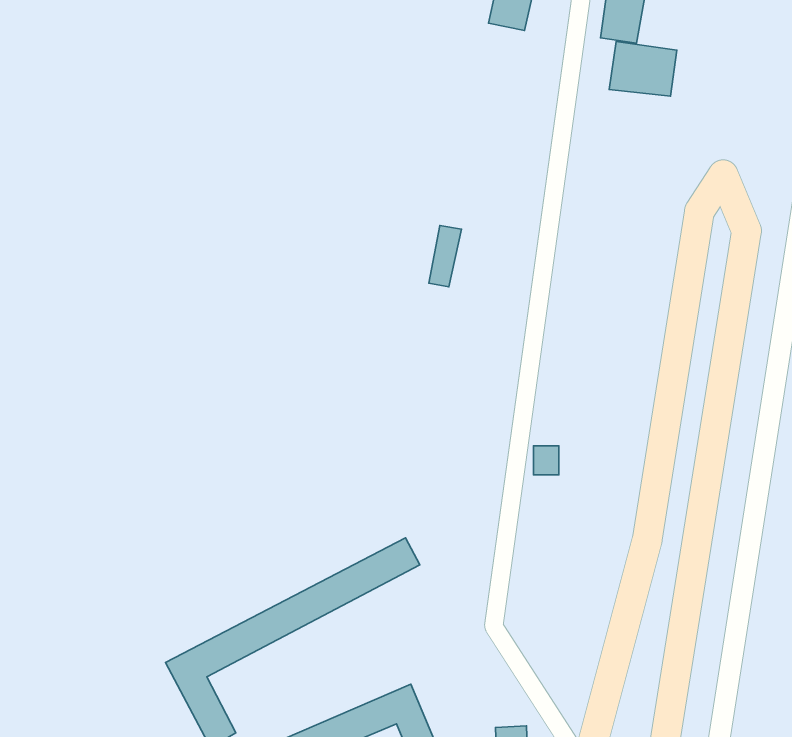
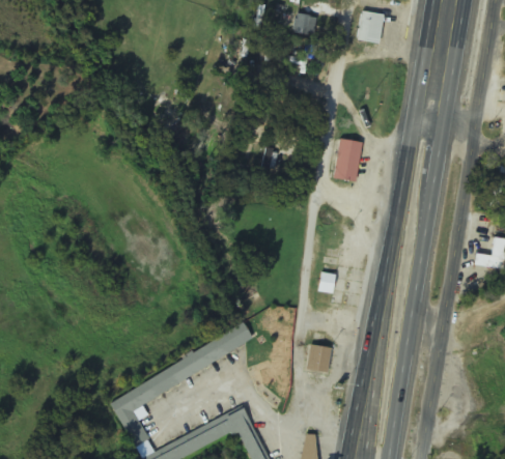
building: [609,42,677,96] -> none
building: none -> [335,138,363,181]
building: none -> [306,344,331,373]

